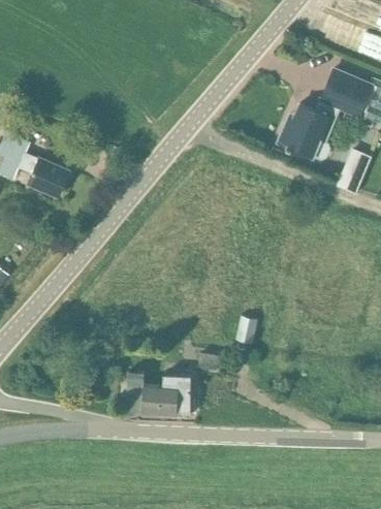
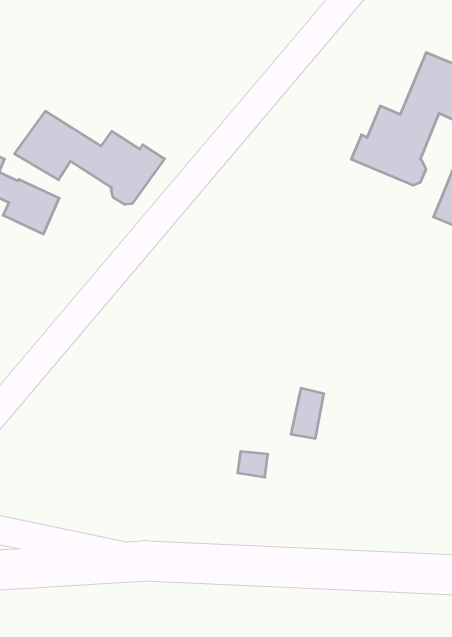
building: none -> [15,111,165,205]
building: [127,374,190,415] -> none

